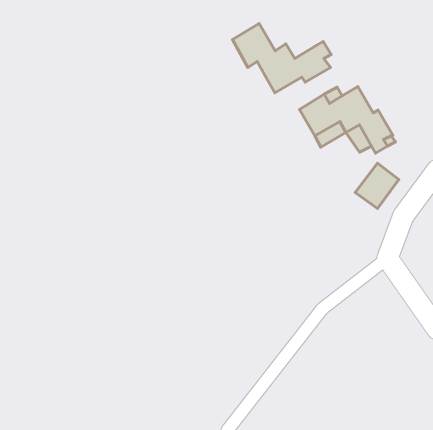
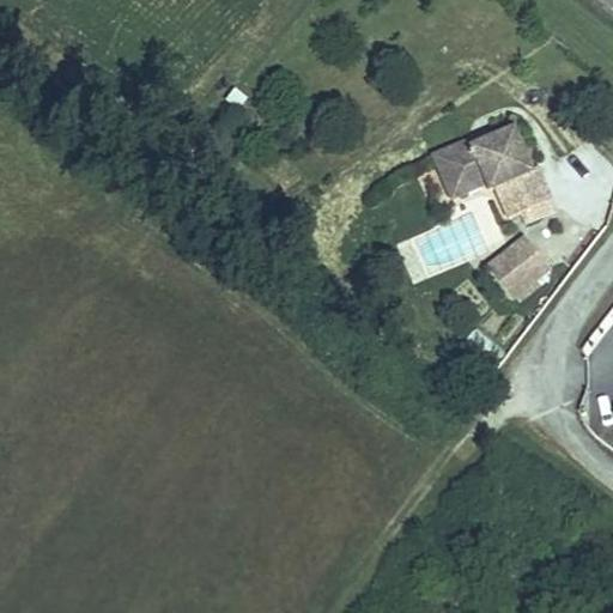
building: [232,24,331,93] -> none

